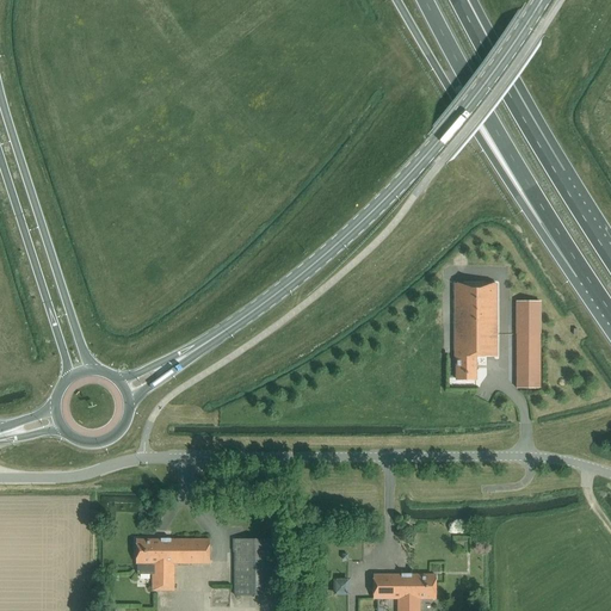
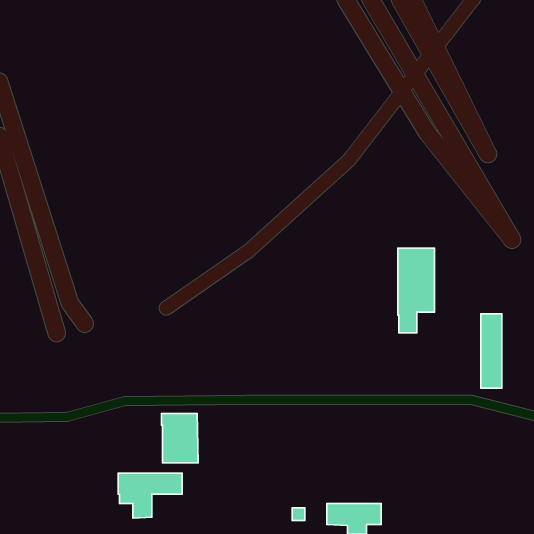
building: [516,301,539,385] -> [481,314,502,388]
building: [232,538,273,594] -> [162,414,198,463]

